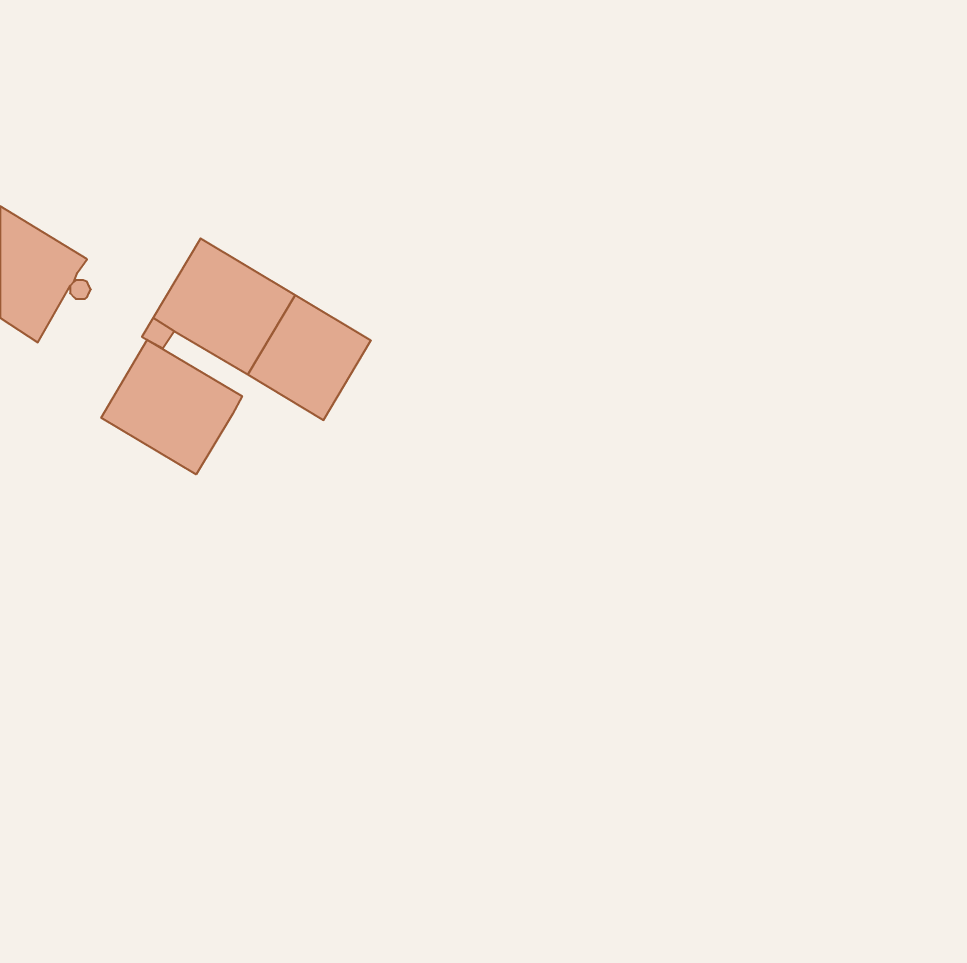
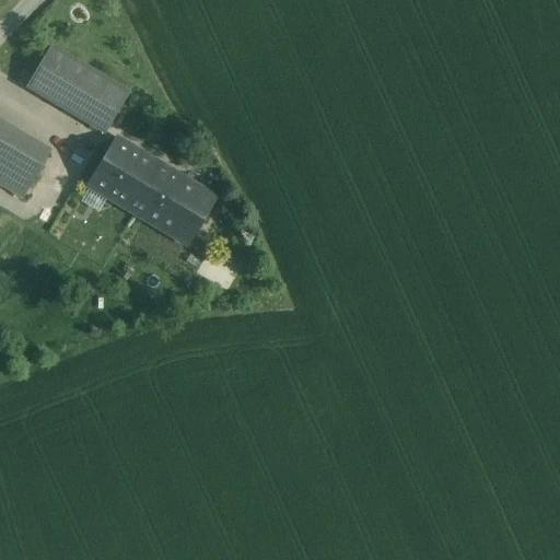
building: none -> [27,46,128,131]
building: [101,340,242,474] -> none

